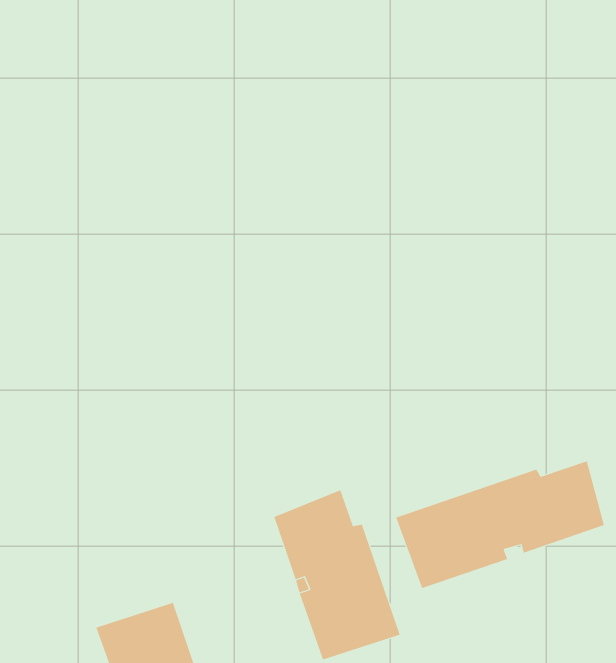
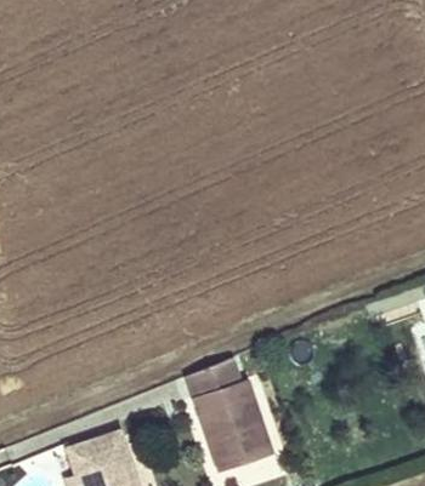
building: [395,460,604,589] -> none

